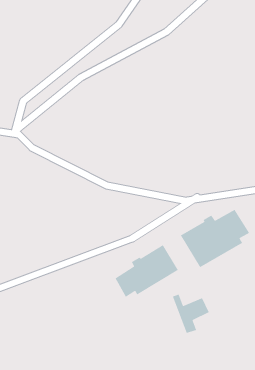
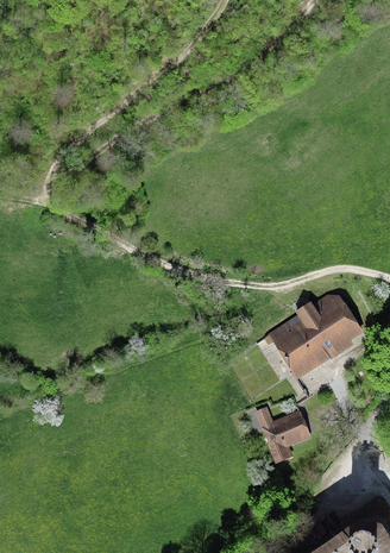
building: [115,244,179,298] -> none

